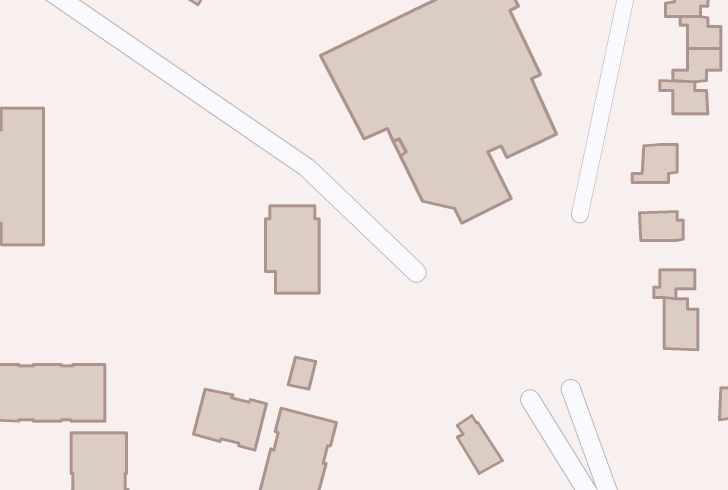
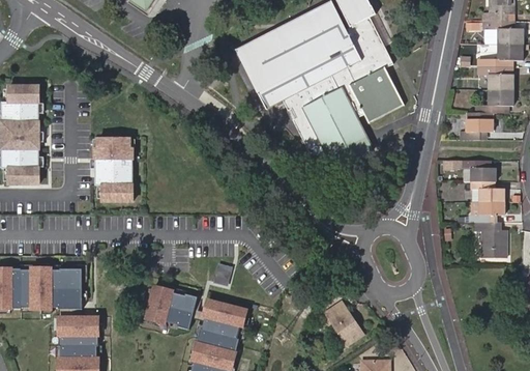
building: none -> [475,89,510,111]
building: [265,206,319,293] -> [94,138,132,200]
building: none -> [472,179,501,200]

